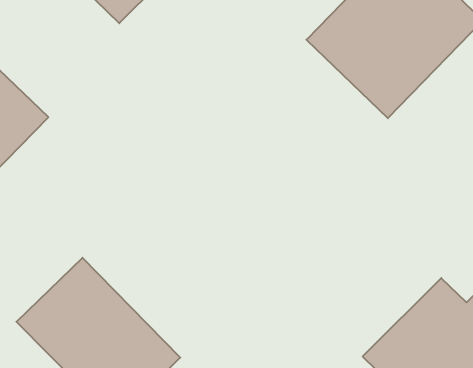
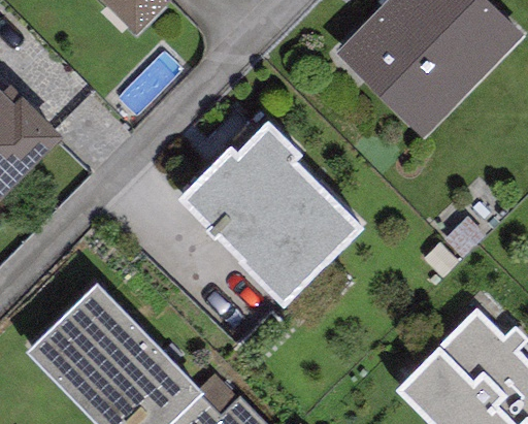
building: none -> [183,126,360,305]

